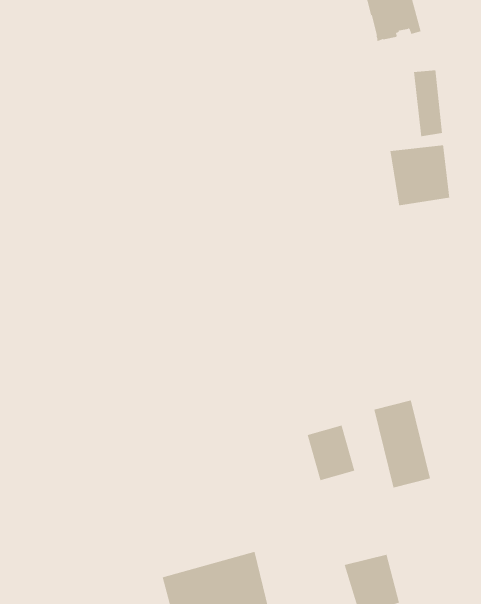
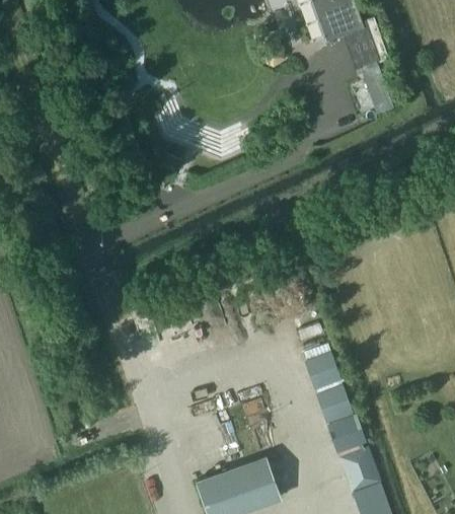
building: [390,144,450,206] -> none
building: [374,400,431,488] -> [315,387,365,458]

